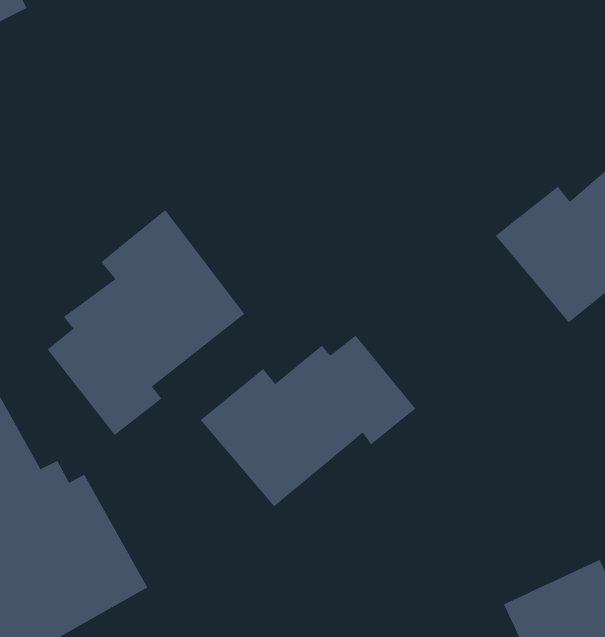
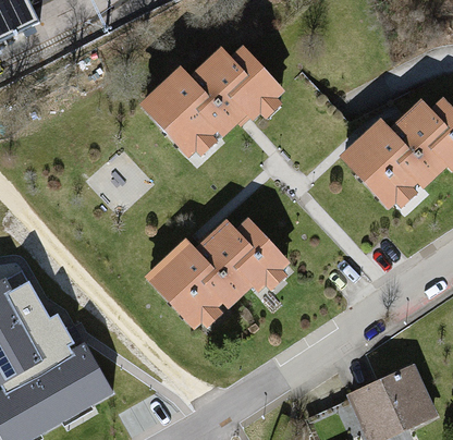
building: none -> [140,47,281,159]
building: [47,209,245,436] -> none

